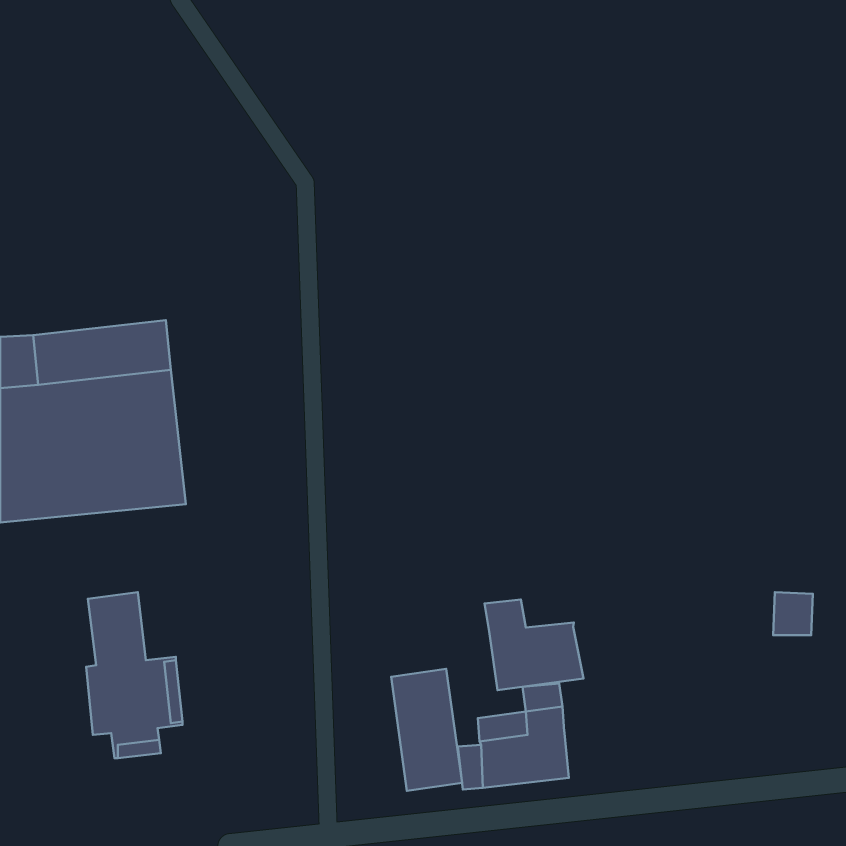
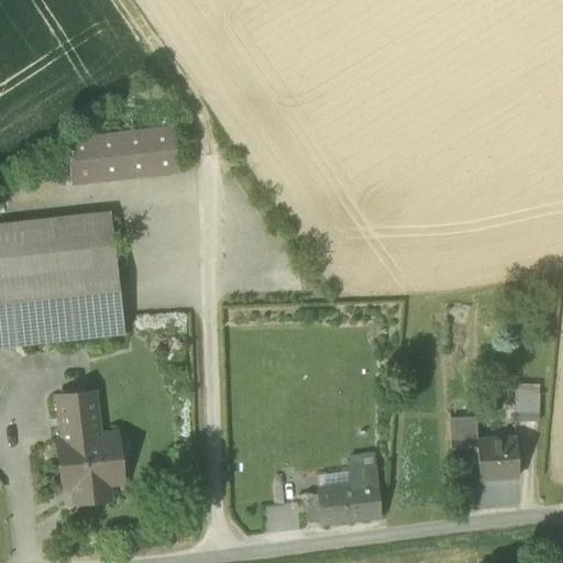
building: none -> [68,129,177,183]
building: [484,600,583,690] -> none
building: none -> [449,418,519,478]
building: [391,669,462,791] -> none

